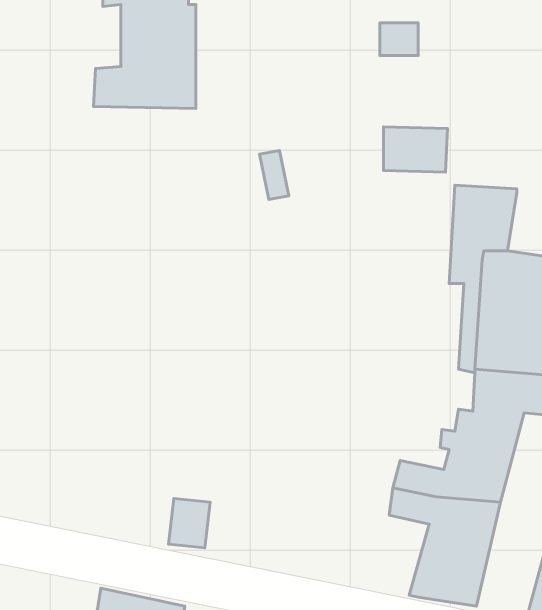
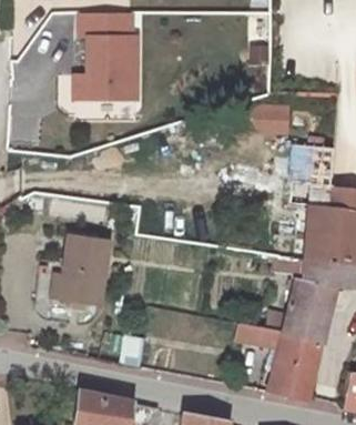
building: none -> [54,232,111,303]

